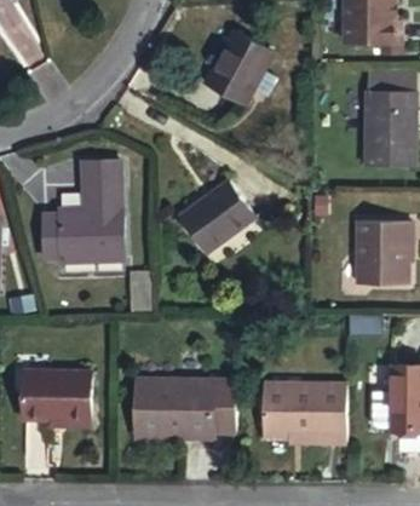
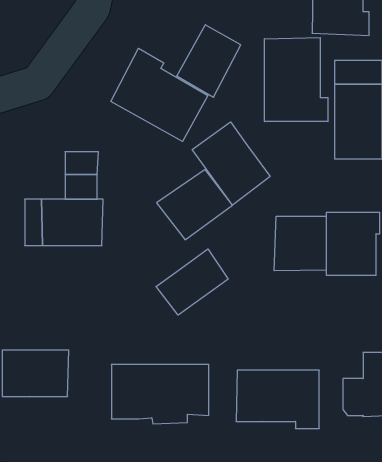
building: none -> [265,38,328,122]
building: none -> [111,48,208,141]
building: none -> [192,122,270,205]
building: none -> [274,216,326,271]
building: none -> [156,249,228,315]

